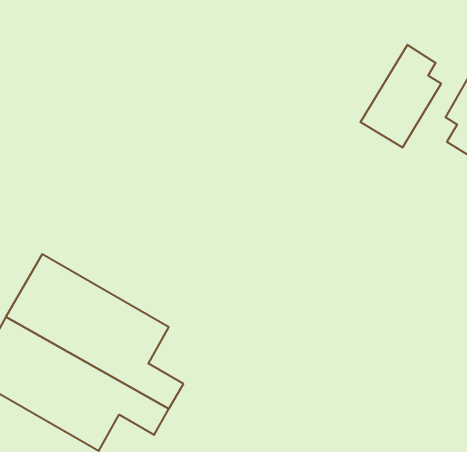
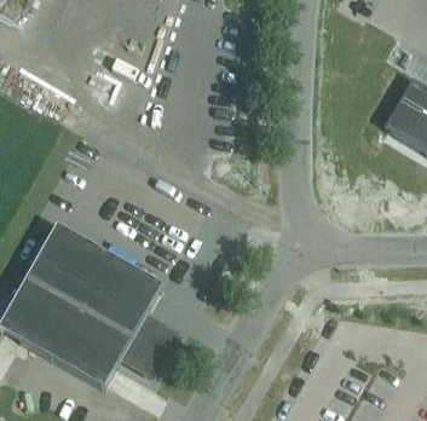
building: [361,45,441,148] -> none

